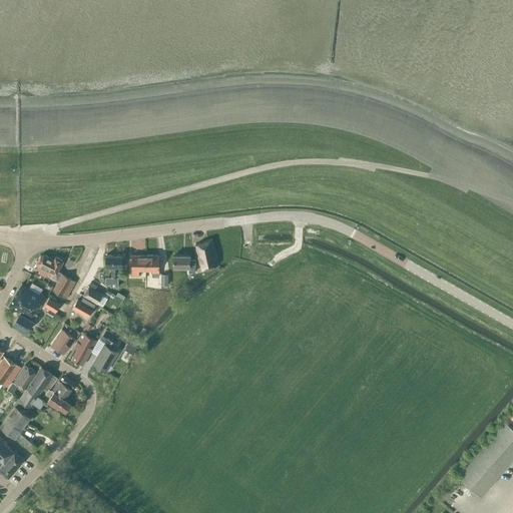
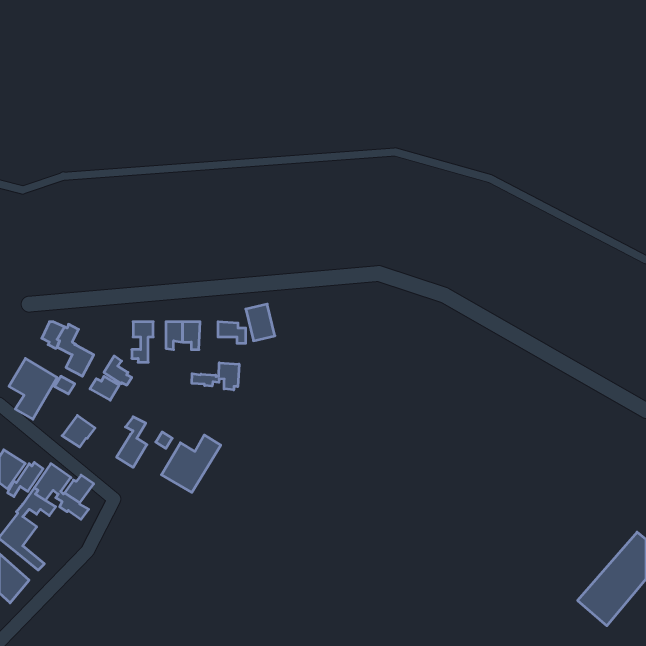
building: none -> [192,363,239,390]
building: [70,334,95,366] -> none
building: none -> [161,435,221,492]

